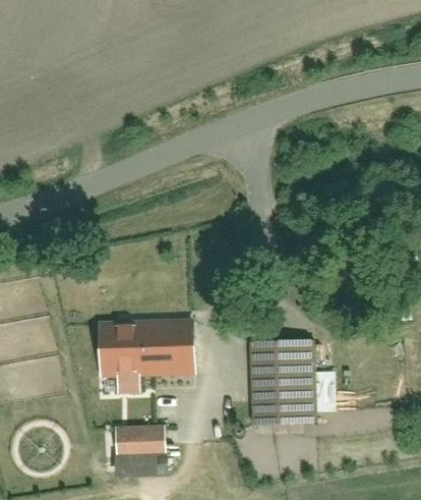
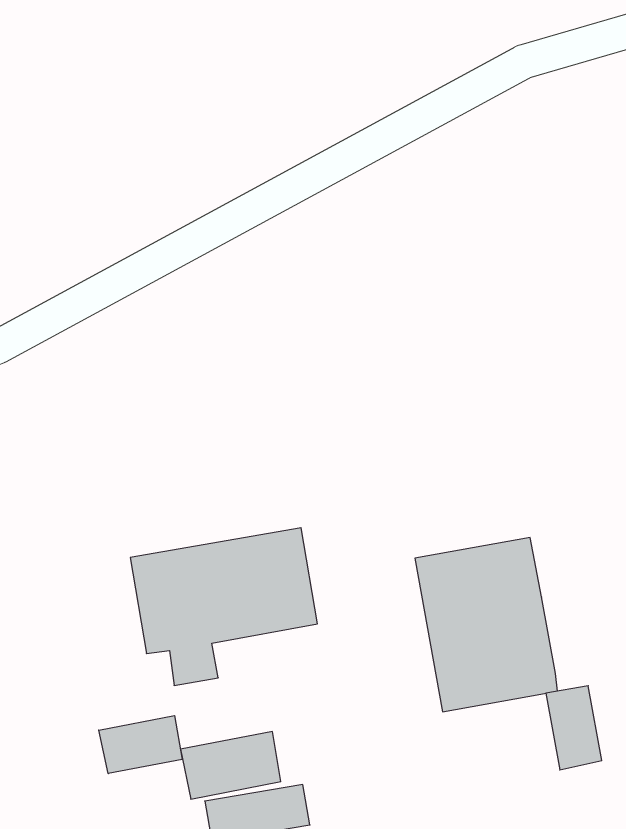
building: [311,371,336,412] -> [546,686,602,770]
building: none -> [99,716,182,774]

